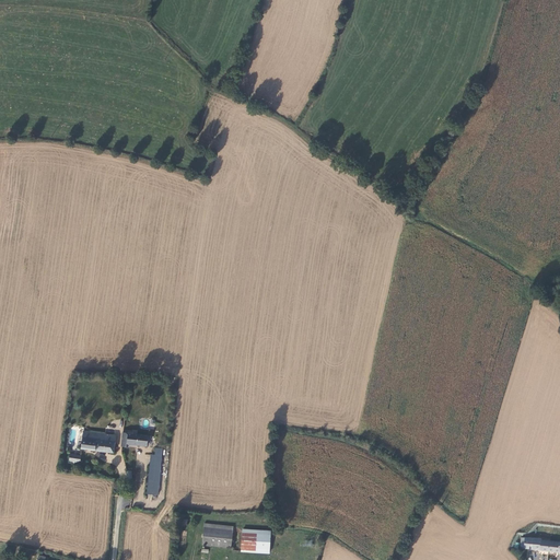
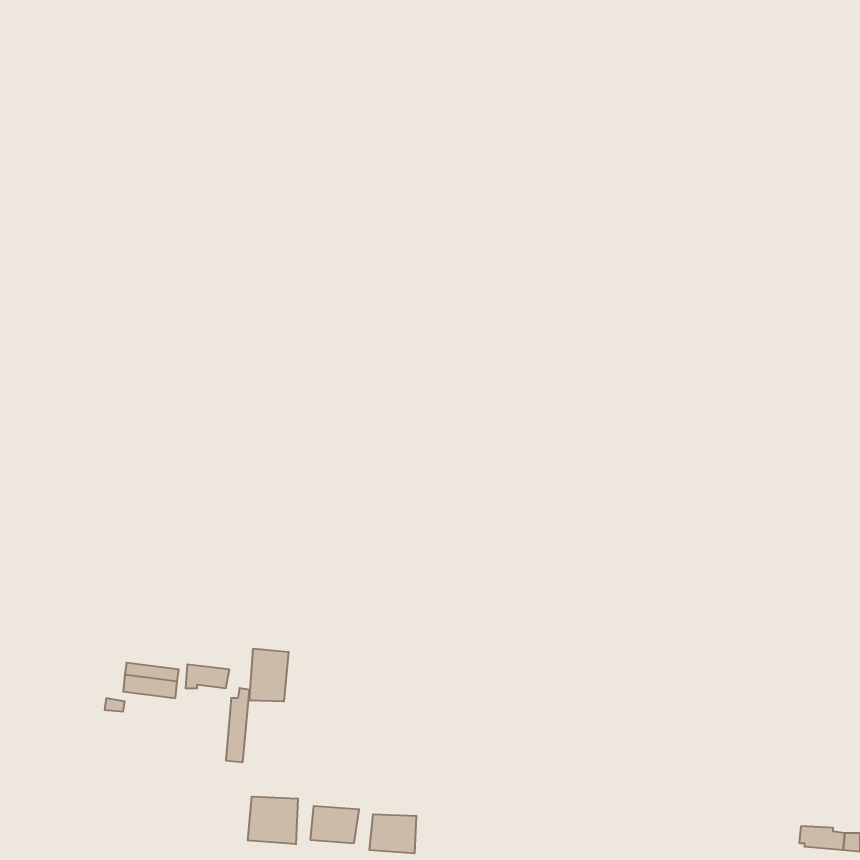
building: none -> [250,649,289,702]
building: none -> [248,797,298,844]

